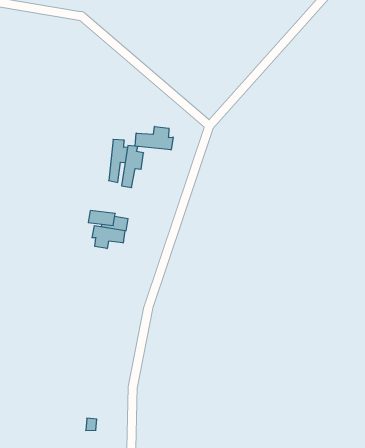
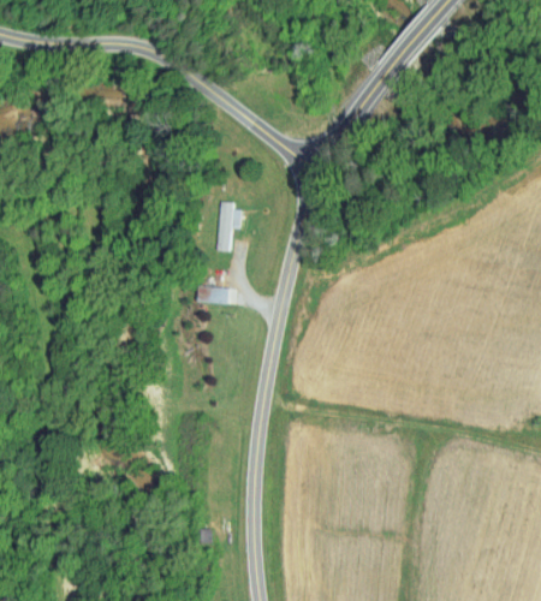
building: [135,126,173,150] -> none
building: [92,226,125,249] -> none

